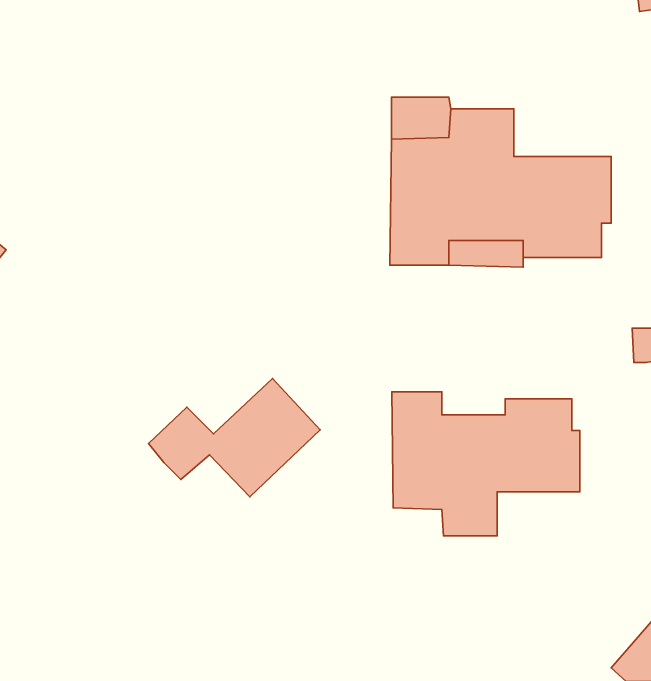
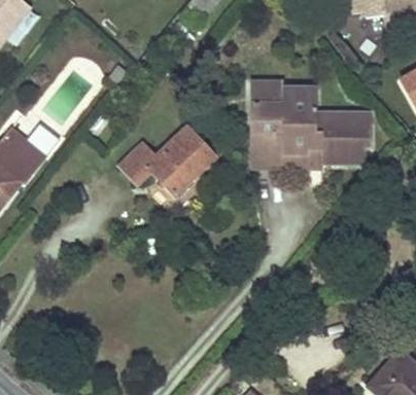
building: [149,378,320,497] -> [120,130,213,193]
building: [392,392,580,536] -> none

